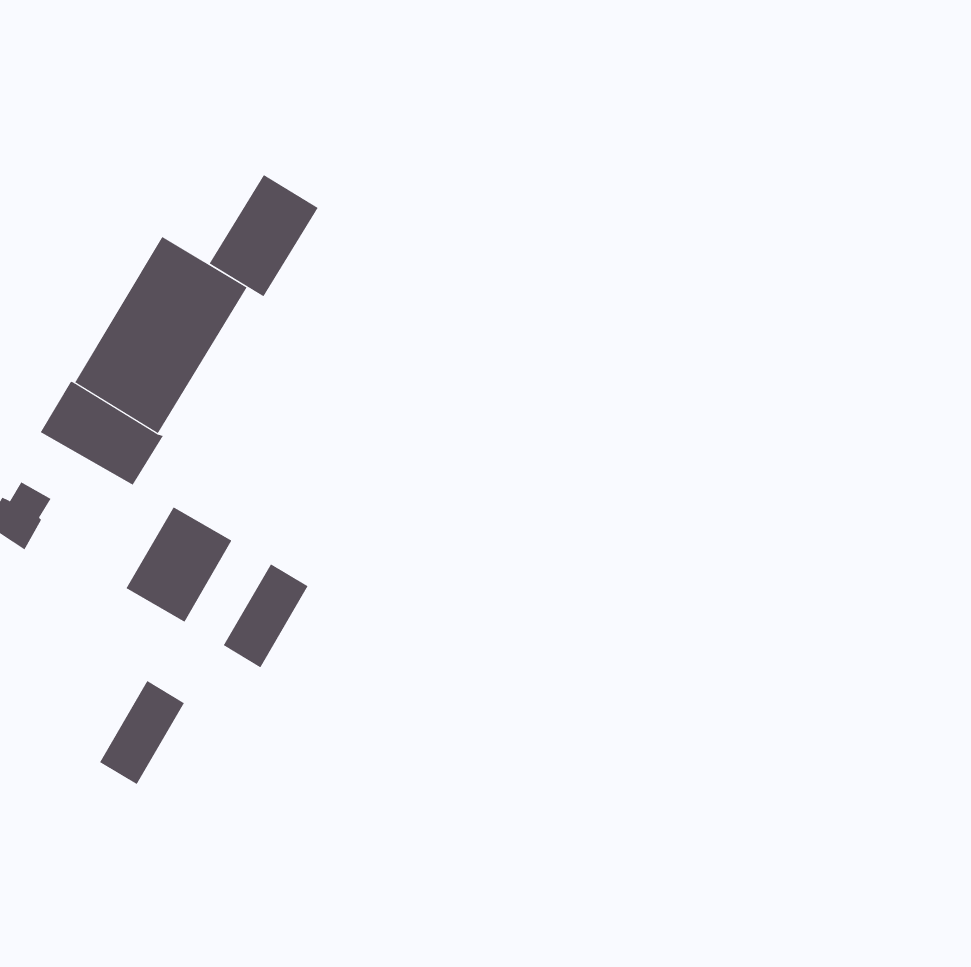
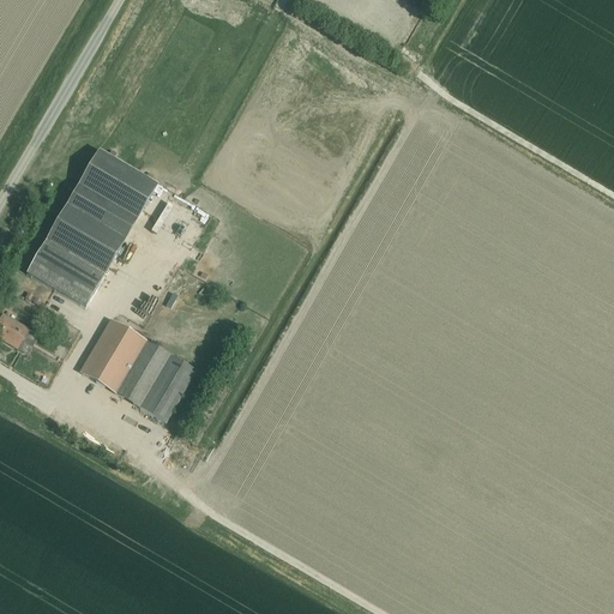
building: [209,174,318,297] -> none
building: [99,680,185,785] -> [116,341,170,407]

